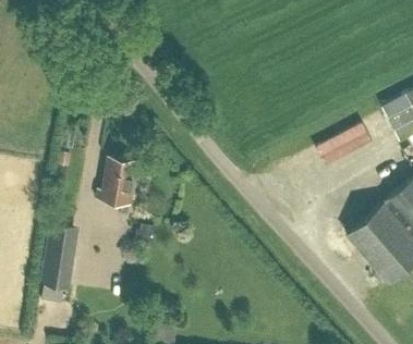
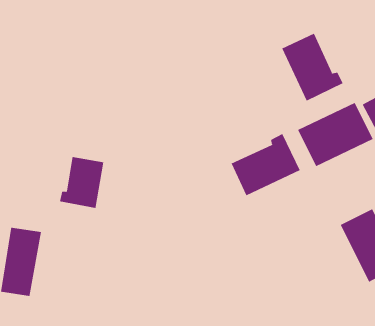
building: none -> [282,33,343,101]
building: none -> [231,133,300,196]

